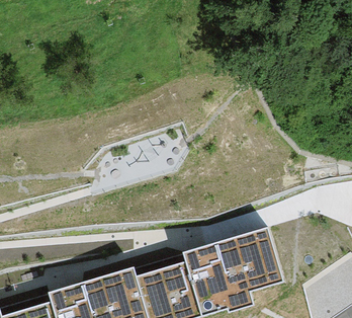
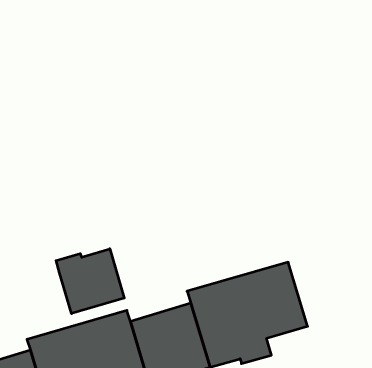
building: none -> [56,249,124,314]

